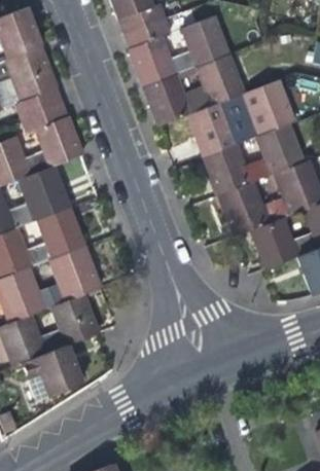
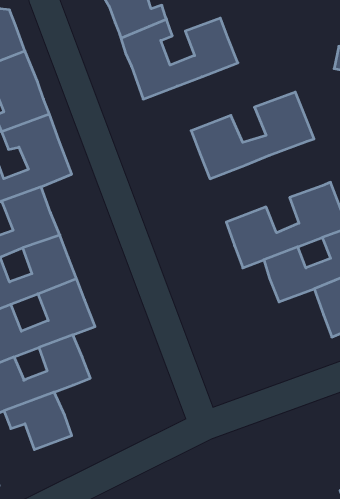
building: [145,56,243,125] -> none
building: [204,124,303,195] -> none

